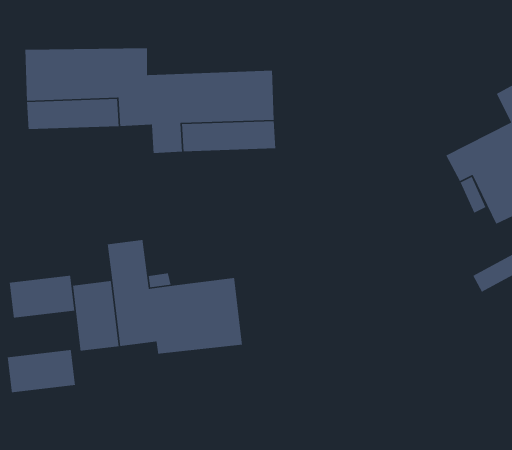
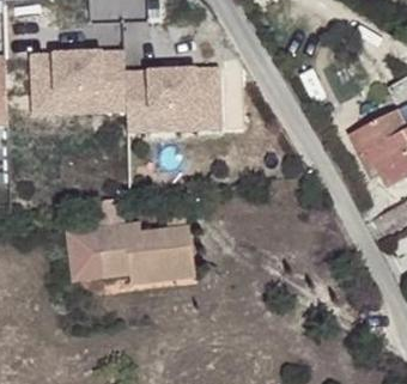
building: [9,275,75,319] -> none
building: [7,349,76,393] -> none

